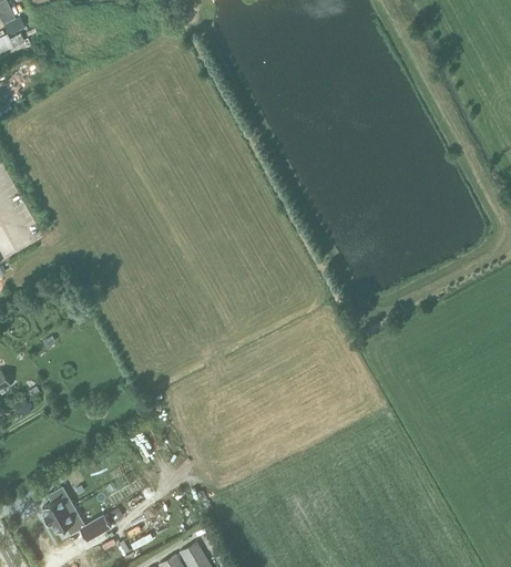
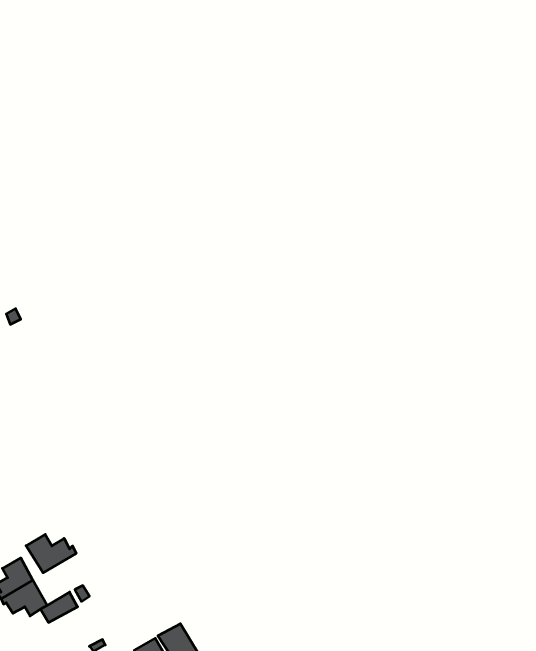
building: none -> [26,534,76,573]

